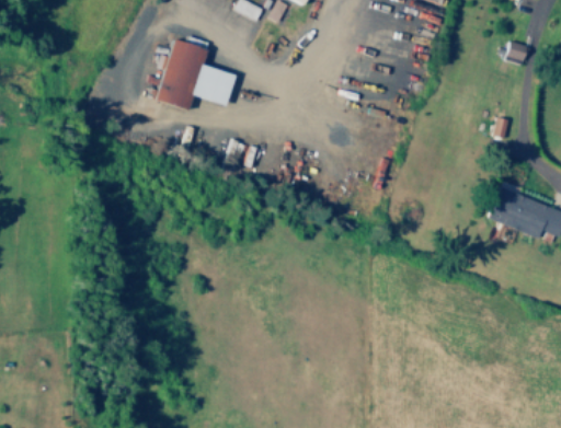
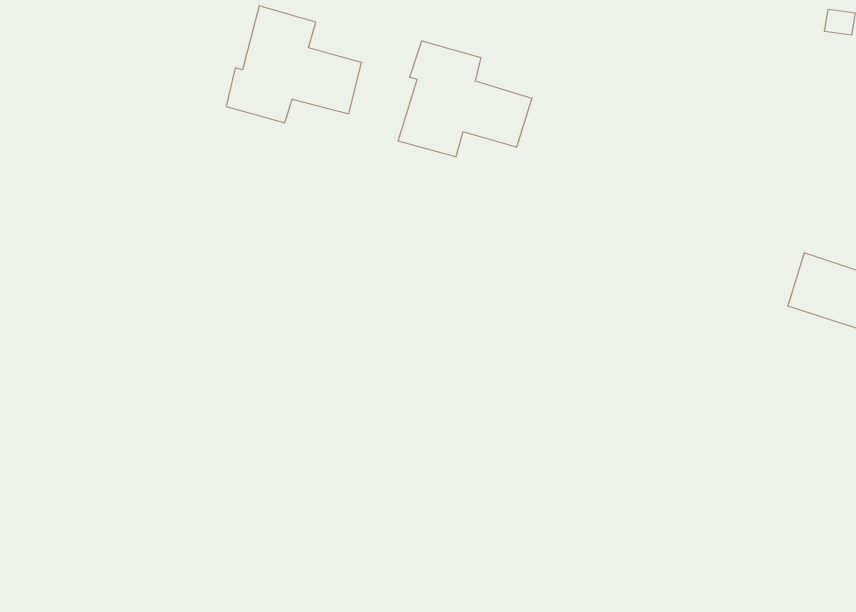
building: none -> [398,41,532,157]

